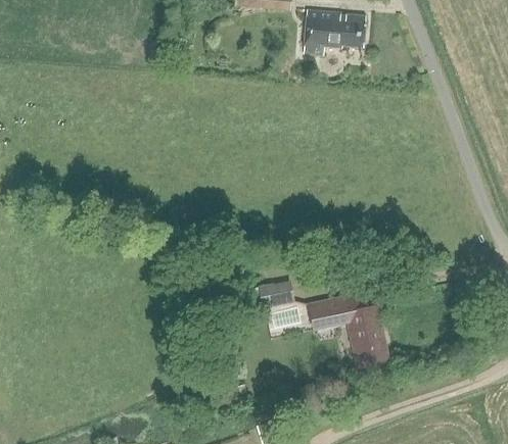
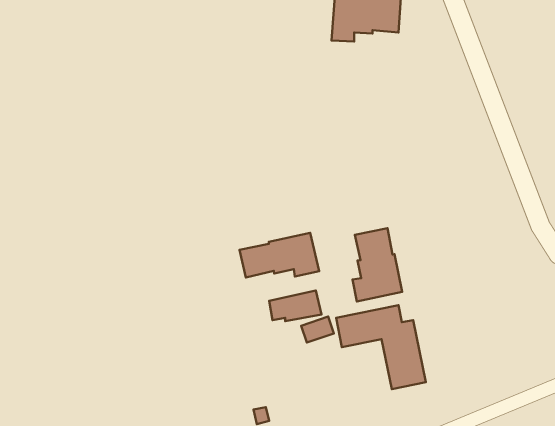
building: none -> [352,228,402,301]
building: none -> [240,233,319,277]

